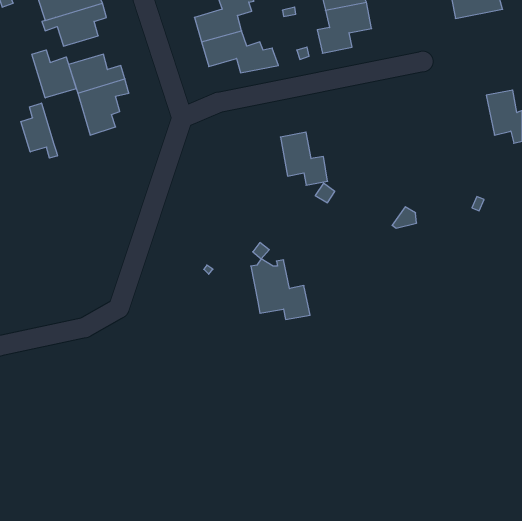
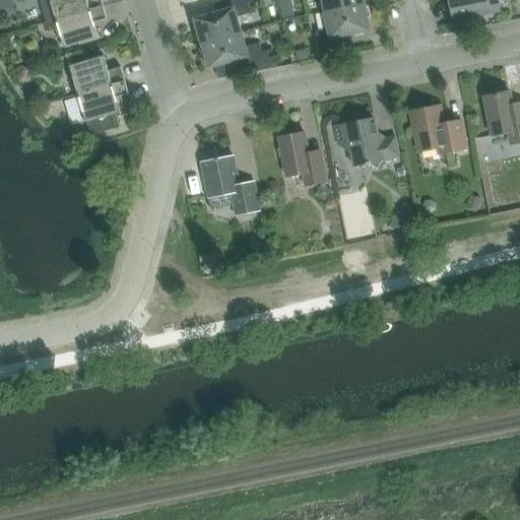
building: [32,50,76,98] -> none
building: [21,103,57,158] -> none
building: none -> [409,104,466,150]
building: none -> [330,117,398,168]
building: [251,259,310,319] -> [200,153,259,213]

